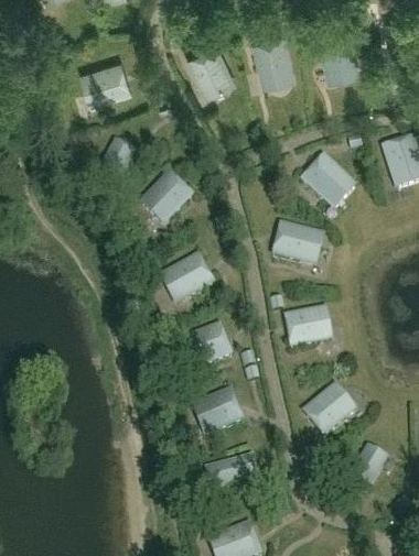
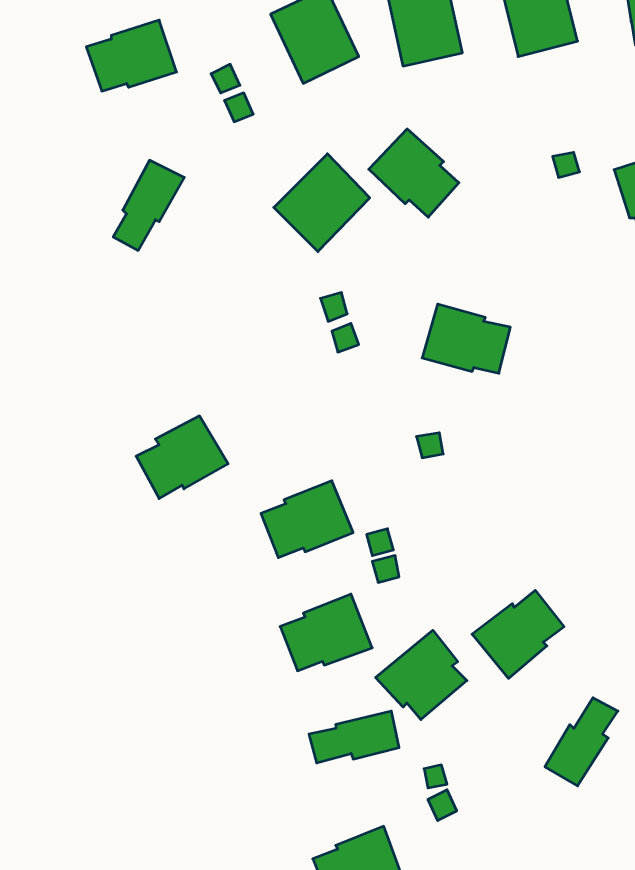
building: [301,153,353,204] -> [369,129,459,217]
building: [138,168,193,225] -> [274,154,370,252]
building: [161,252,214,299] -> [136,416,228,499]
building: [281,307,331,345] -> none
building: none -> [376,630,467,720]

